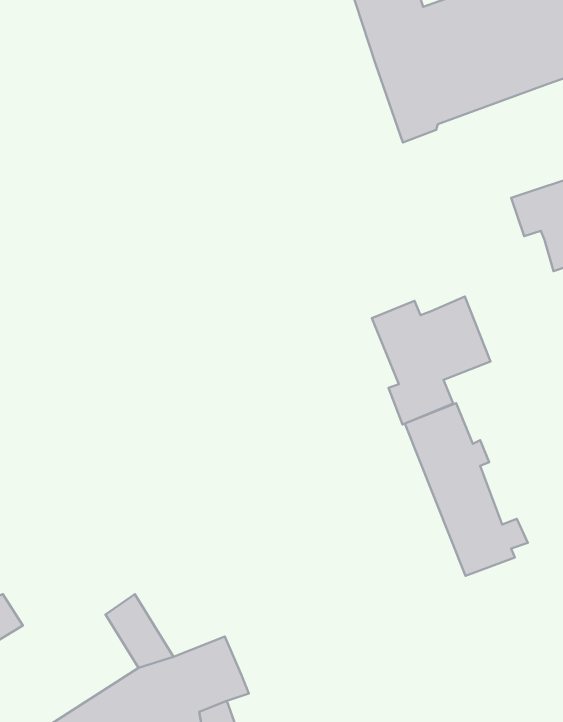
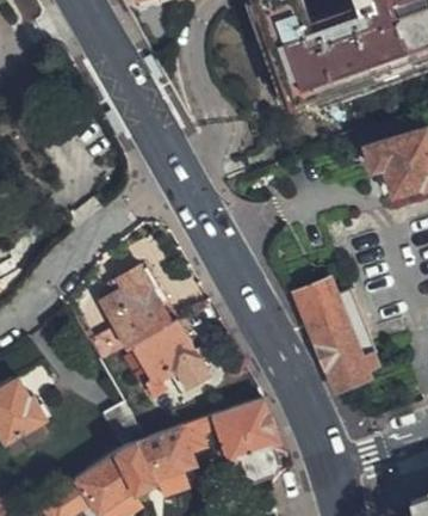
building: [372,297,491,424] -> none
building: none -> [107,268,206,391]
building: none -> [179,400,281,463]

